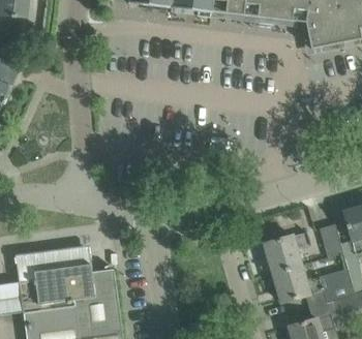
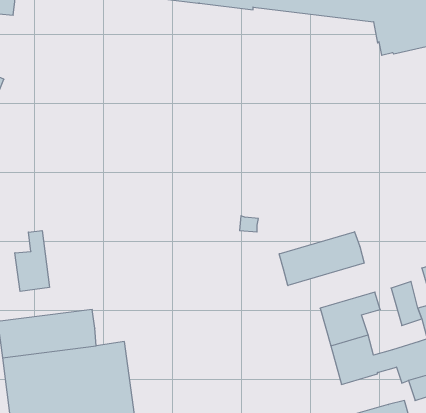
building: none -> [15,231,49,291]
building: none -> [279,232,364,286]

